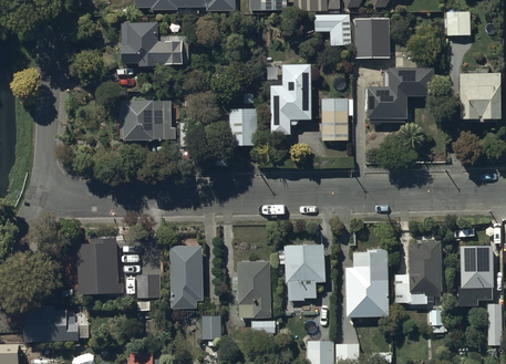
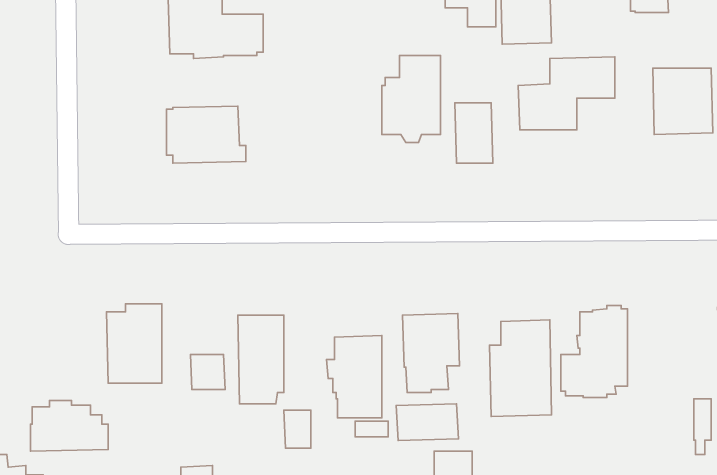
building: [229,107,257,146] -> none
building: [458,246,493,305] -> none
building: none -> [396,404,459,441]

